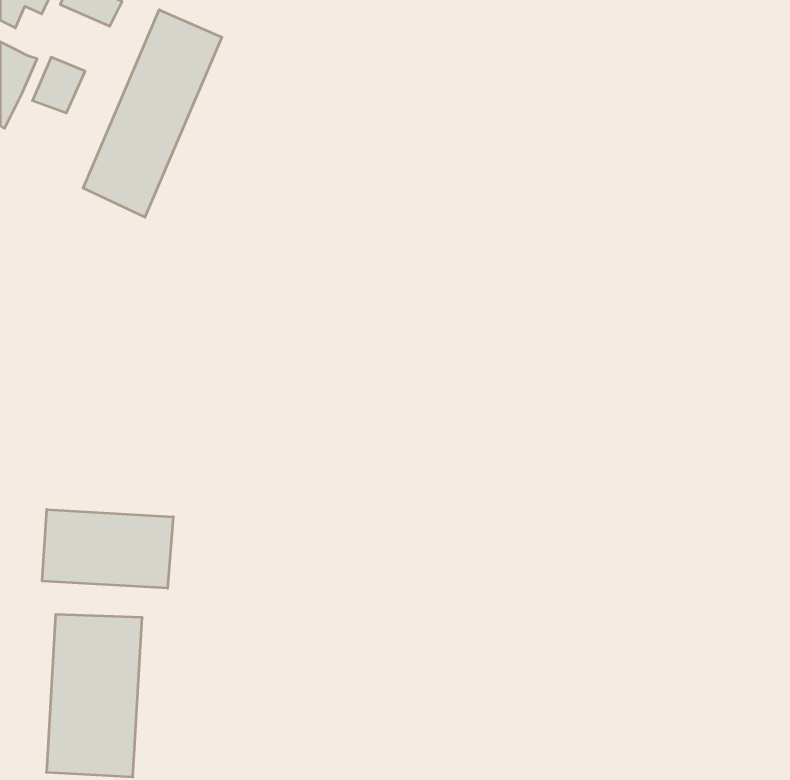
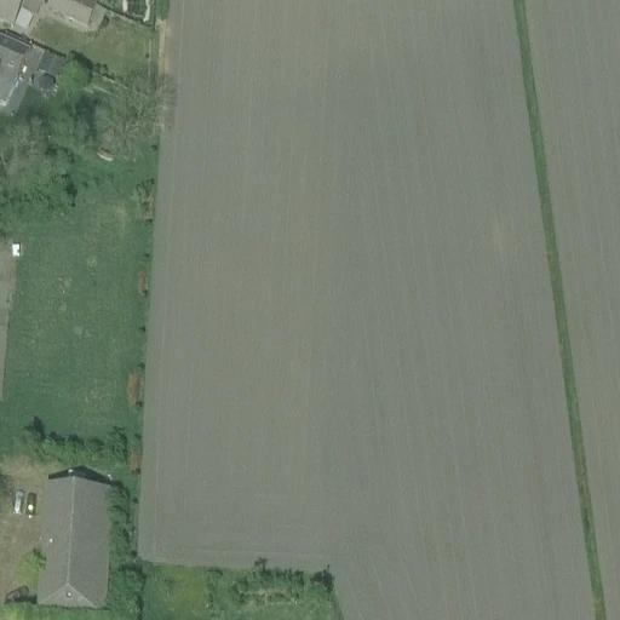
building: [83,10,222,217] -> none
building: [42,509,173,588] -> none

